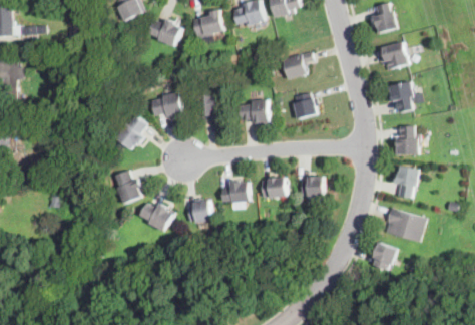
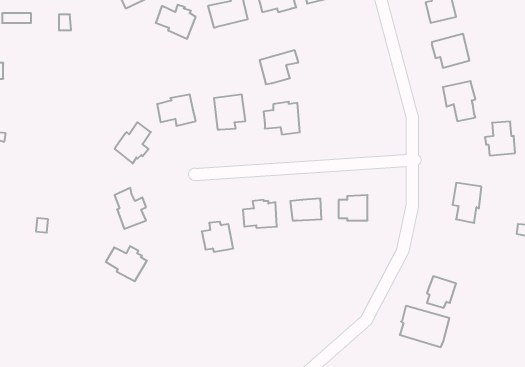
building: [282,51,314,79] -> [260,50,298,84]
building: [294,92,318,119] -> none
building: [394,126,419,154] -> [485,122,515,155]
building: [140,202,174,231] -> [106,246,147,281]
building: [386,208,427,242] -> [400,306,449,347]

